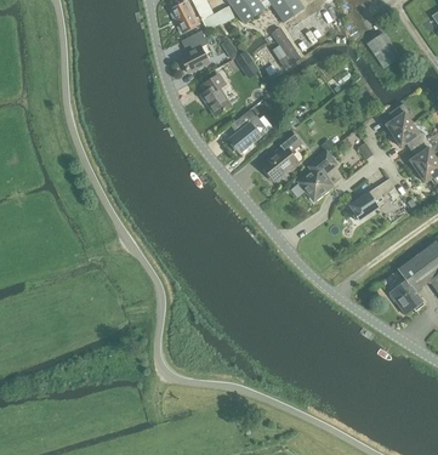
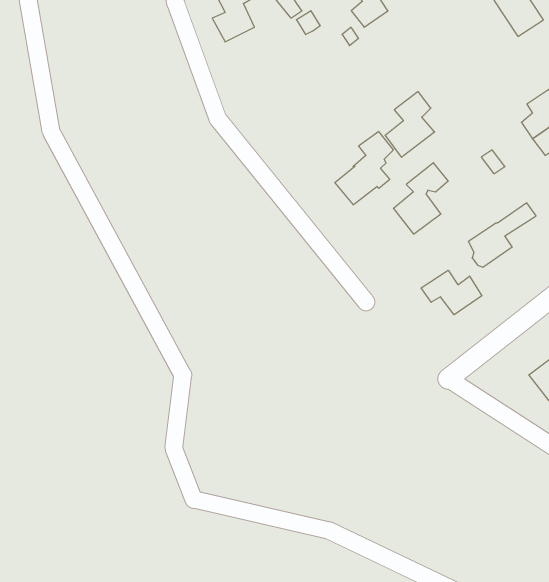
building: [200,73,228,113] -> none
building: [227,108,260,152] -> [385,92,435,157]
building: none -> [421,270,482,315]

